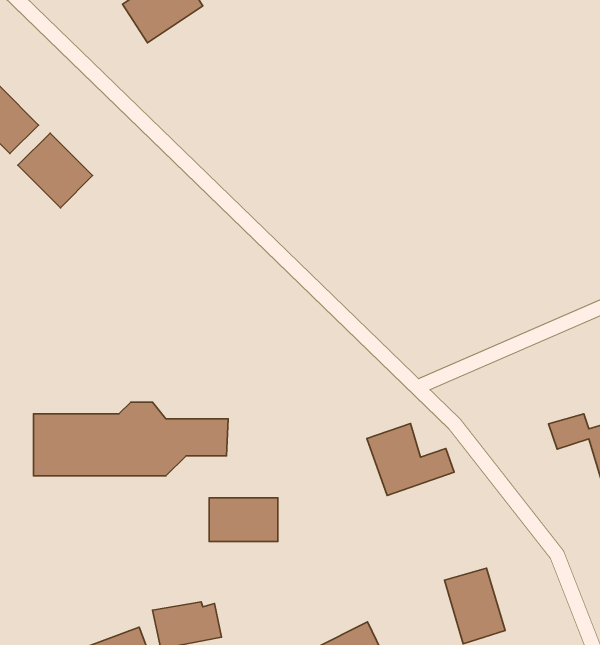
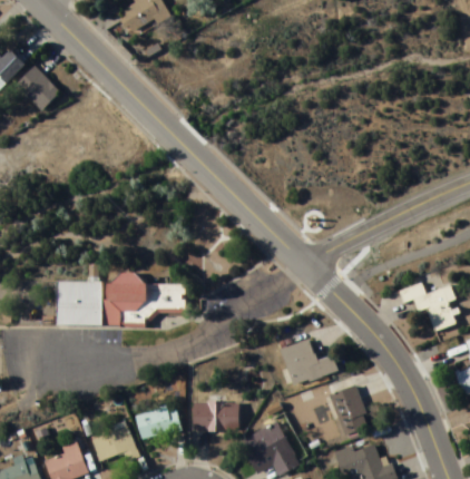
building: [18,133,93,208] -> none
building: [367,423,454,496] -> [280,339,337,387]
building: [209,498,278,542] -> [193,402,238,431]

